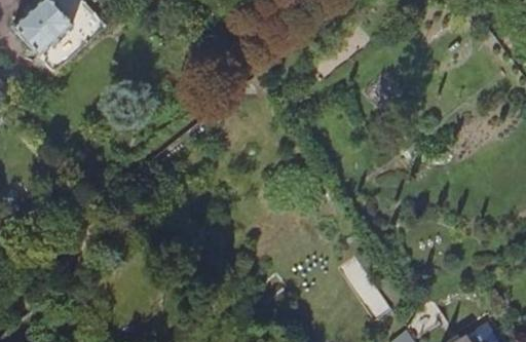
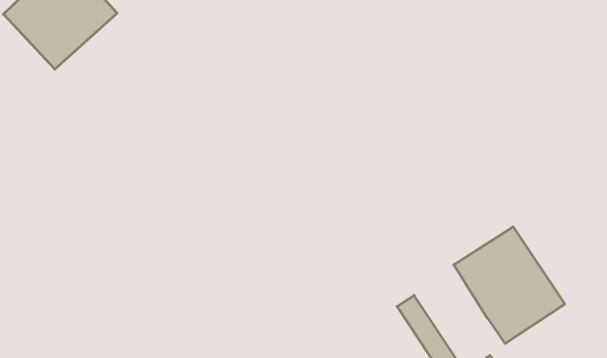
building: none -> [454,227,565,343]

